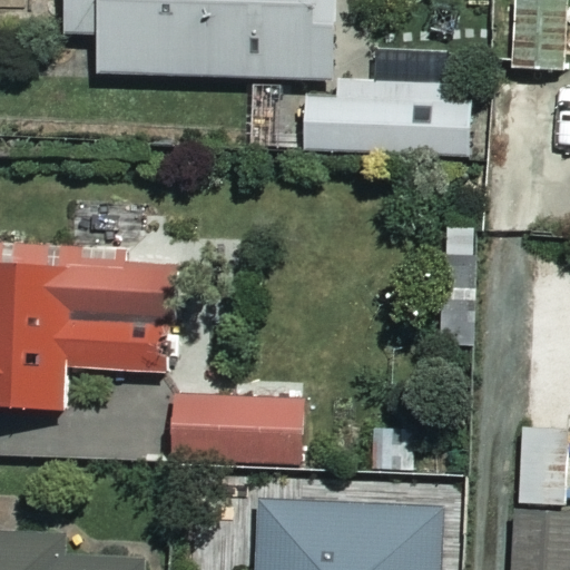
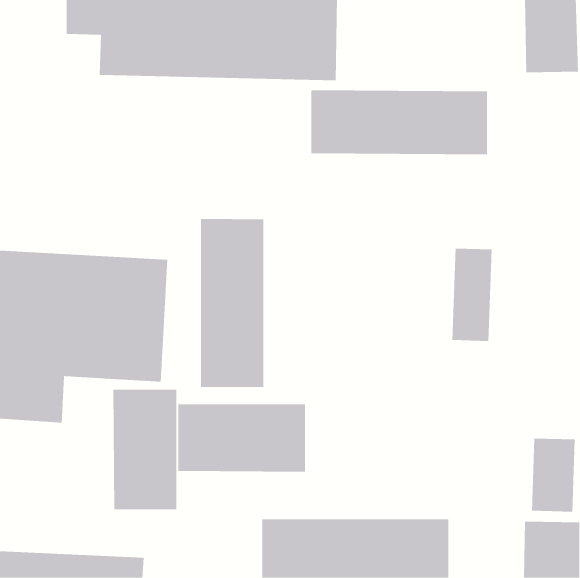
building: none -> [201,218,264,388]
building: none -> [113,389,177,510]

